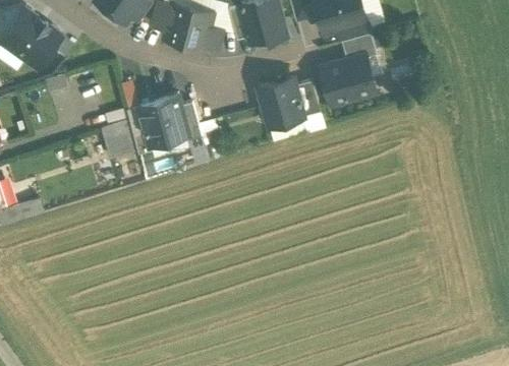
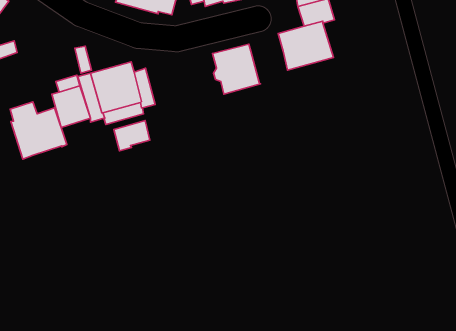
building: [295,78,321,114] -> none
building: none -> [10,102,67,159]
building: none -> [114,121,150,151]

